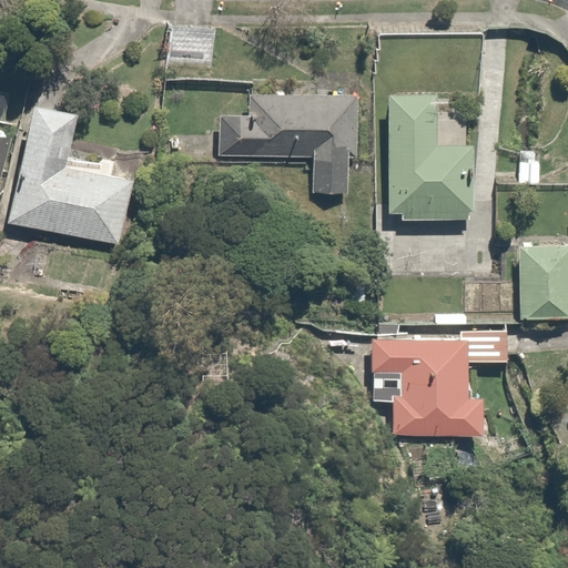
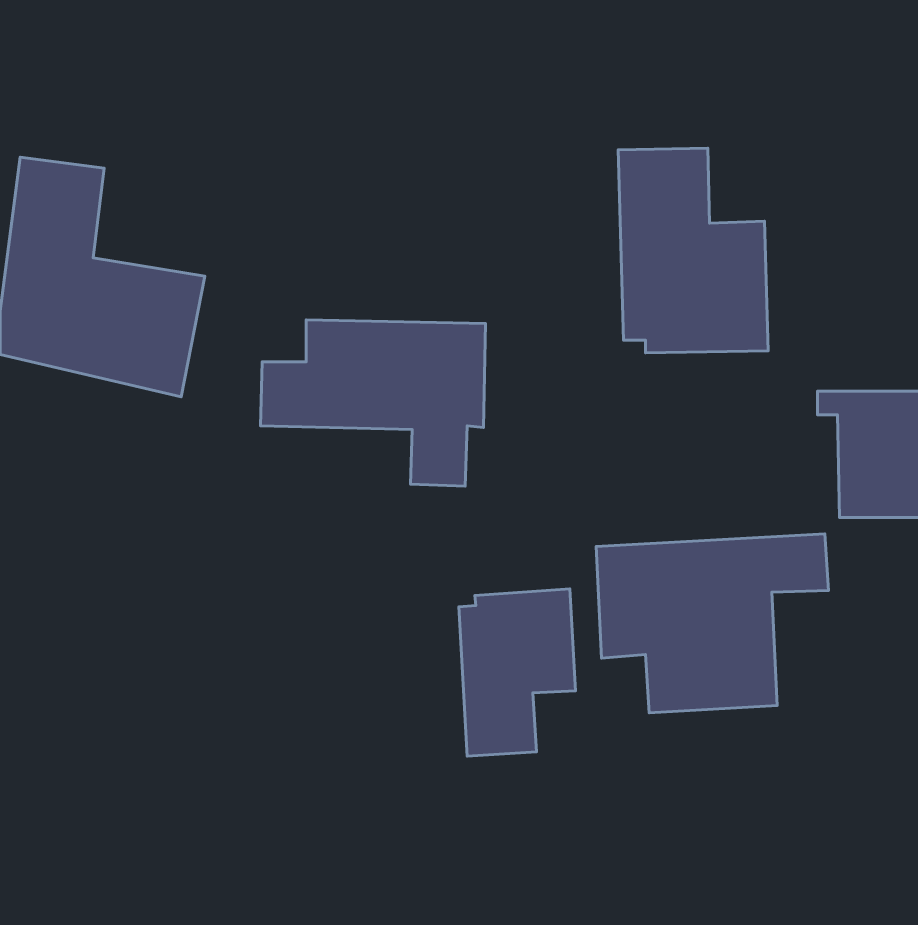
building: [223,94,359,195] -> [260,320,485,486]
building: none -> [459,589,575,756]

